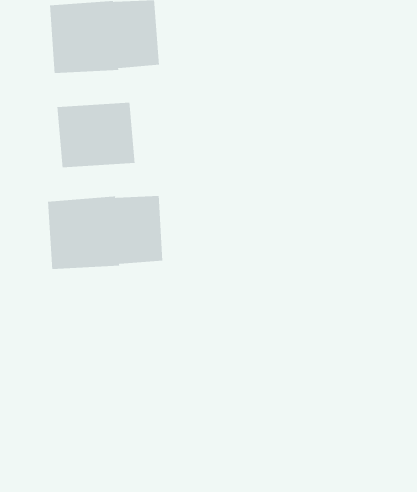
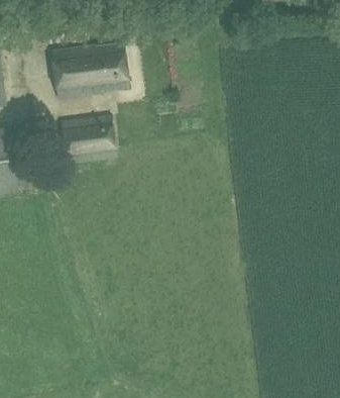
building: [47,195,163,270] -> none

